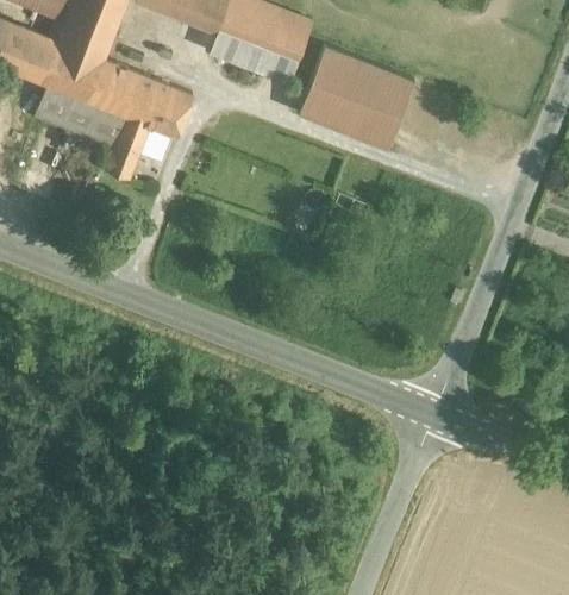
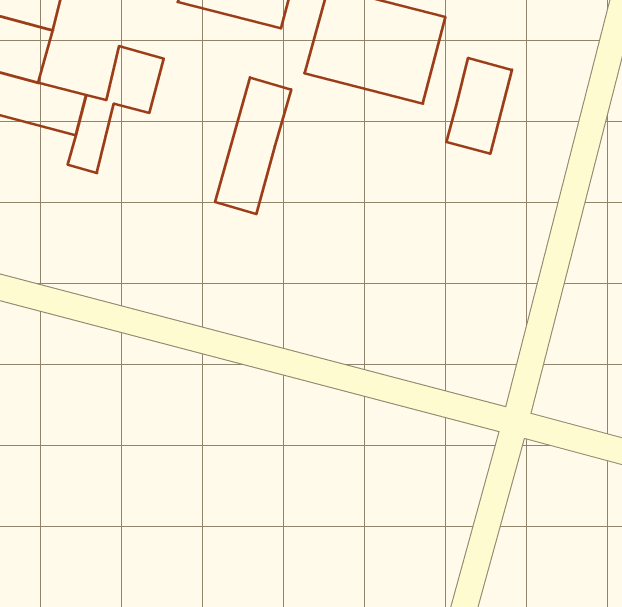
building: [87,58,155,119] -> none
building: none -> [215,77,291,214]
building: none -> [446,58,512,154]

